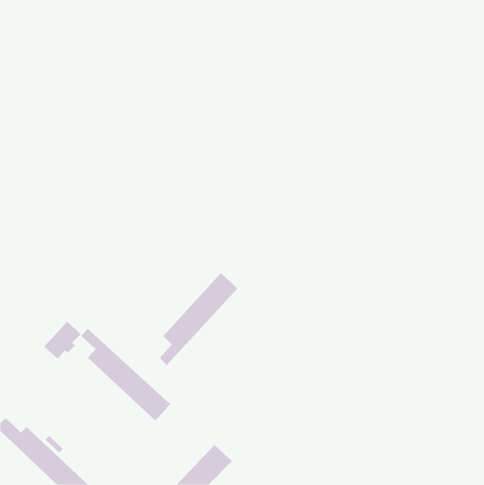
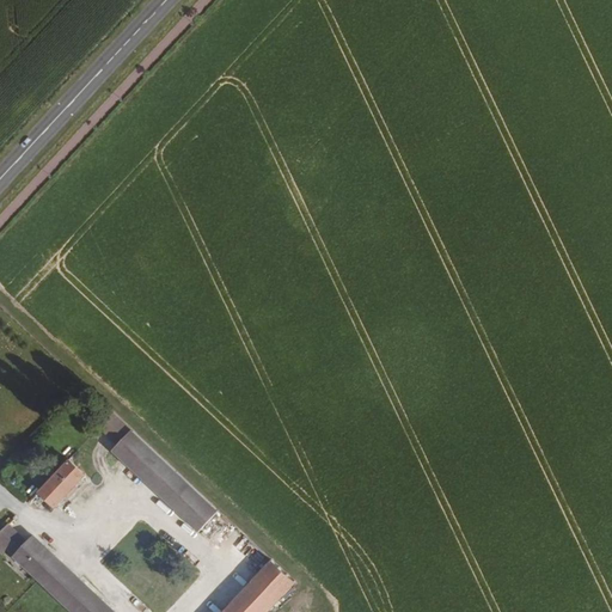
building: [159,272,238,366] -> none
building: [43,321,81,360] -> [37,459,85,508]

